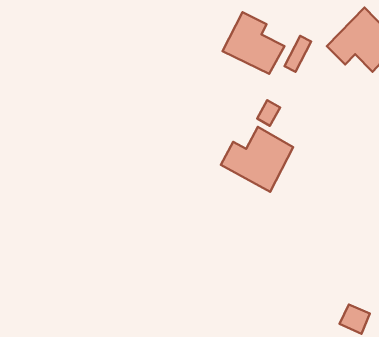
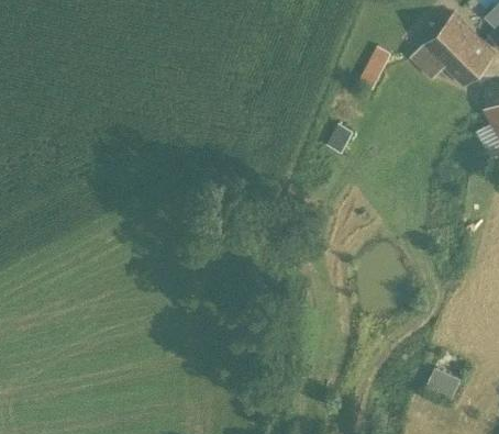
building: [222,12,284,74] -> none
building: [221,127,293,192] -> none

